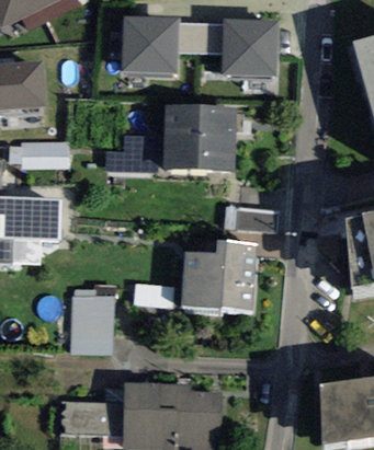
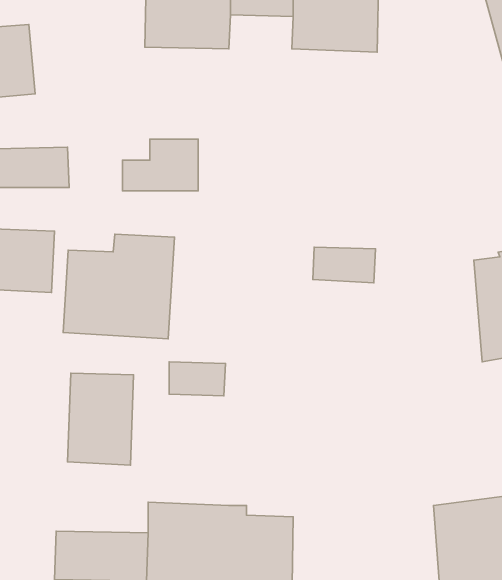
building: [163,106,235,172] -> none
building: [182,241,258,312] -> [63,234,174,339]

